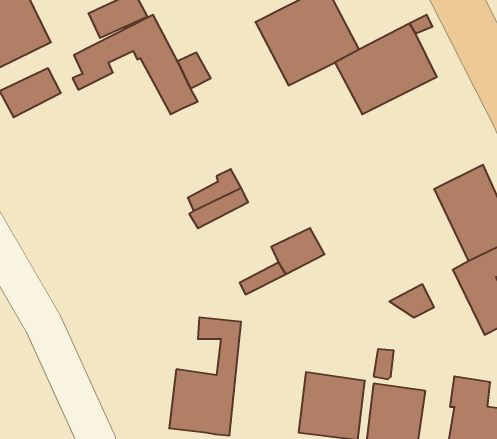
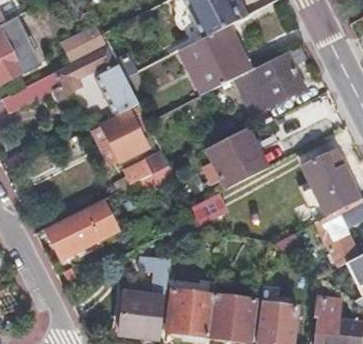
building: none -> [102,110,147,160]
building: none -> [207,127,268,188]
building: none -> [46,198,119,258]
building: none -> [167,288,214,335]

